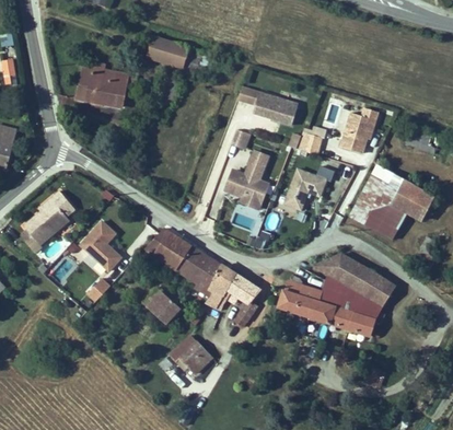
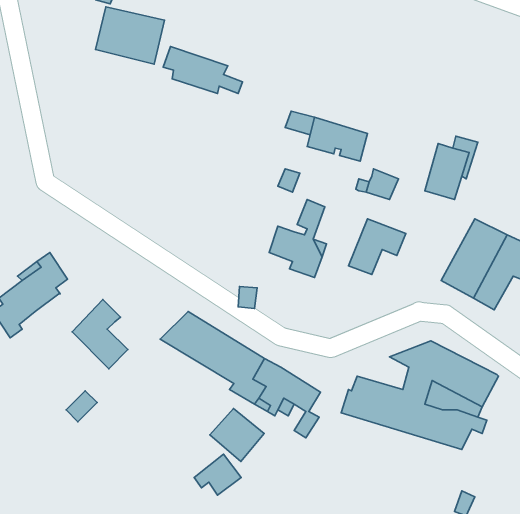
building: [80,66,131,108] -> [95,7,165,64]
building: [141,292,182,332] -> [210,408,264,461]

